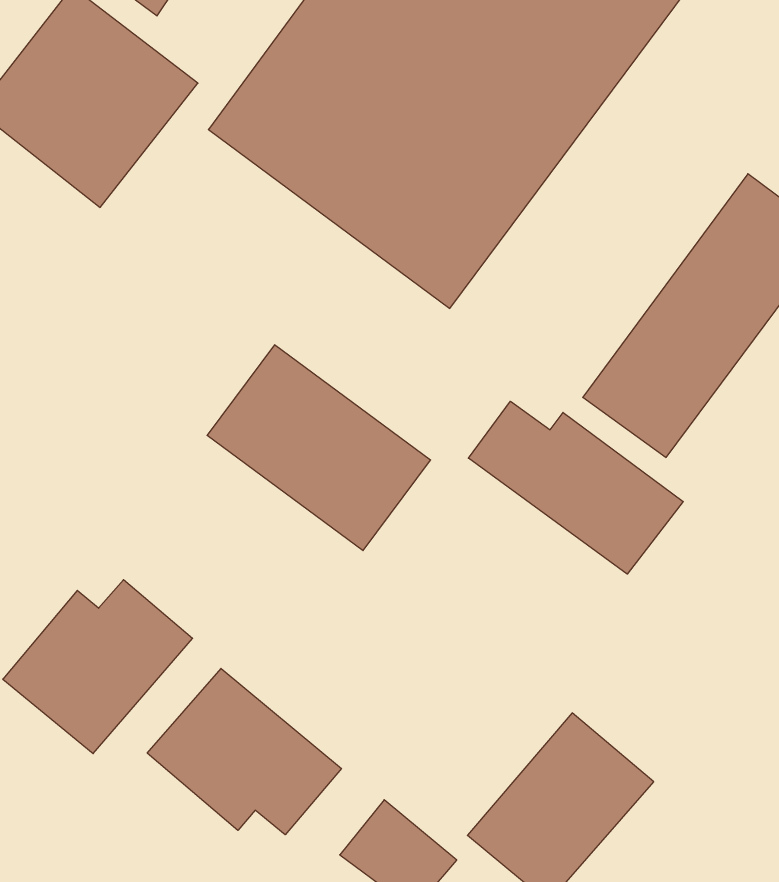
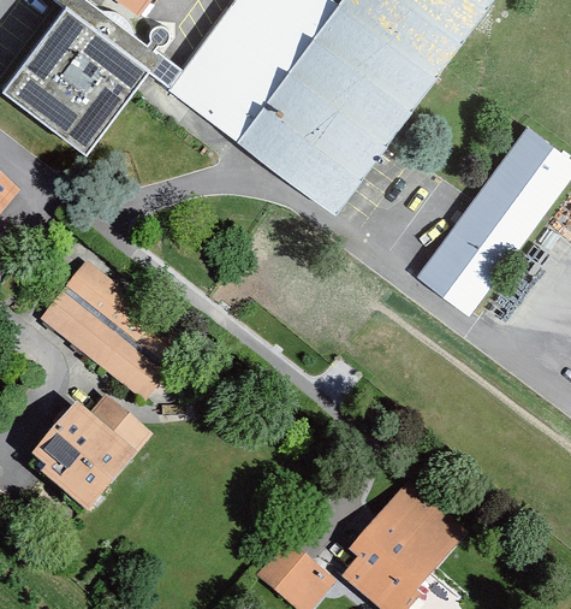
building: [207,345,431,551] -> [40,262,191,402]
building: [468,401,683,574] -> none
building: [147,668,341,835] -> none

